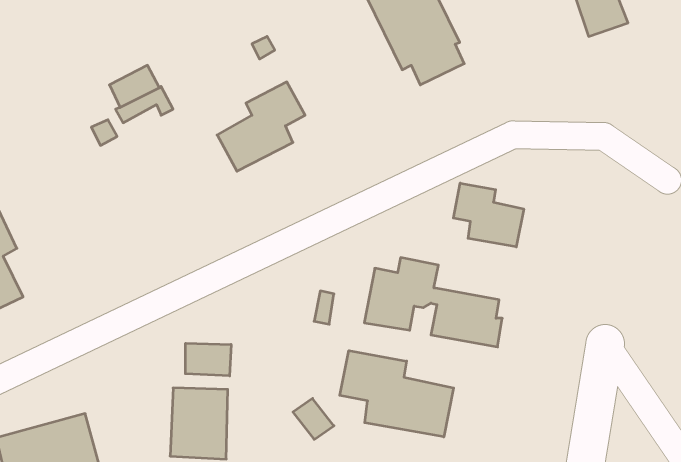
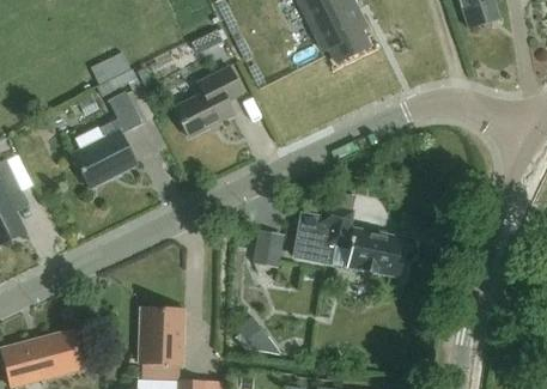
building: none -> [74,90,144,188]
building: [453,183,524,247] -> none
building: [185,343,231,376] -> none
building: [340,351,454,437] -> none

